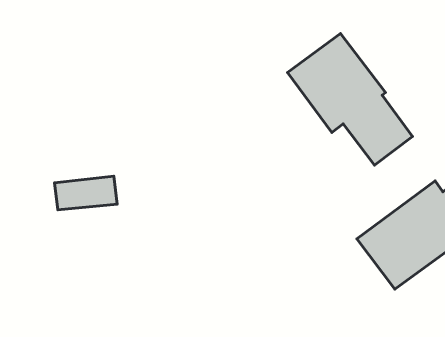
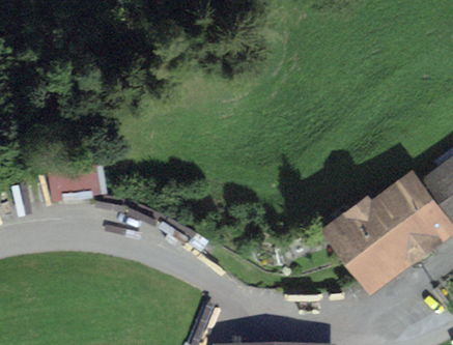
building: [287,34,412,165] -> none

